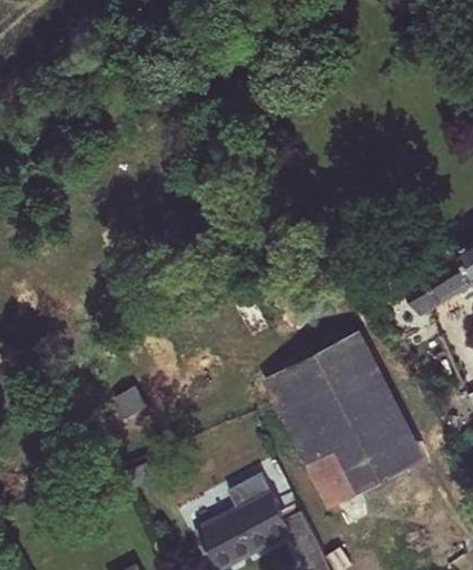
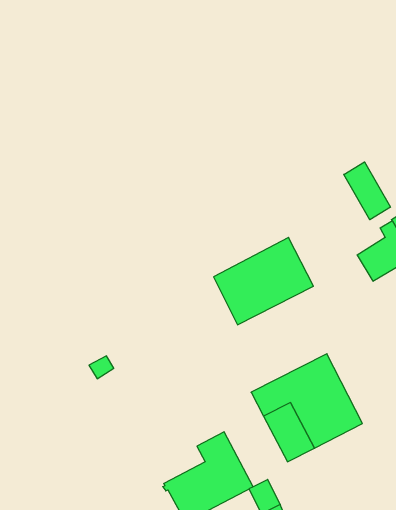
building: none -> [344,162,390,220]
building: [266,337,373,431] -> [214,237,313,325]

